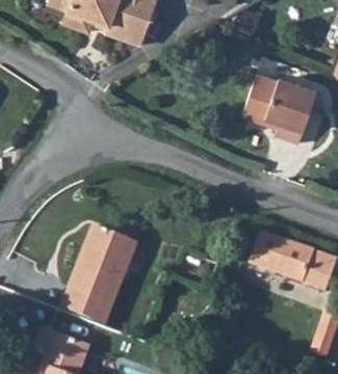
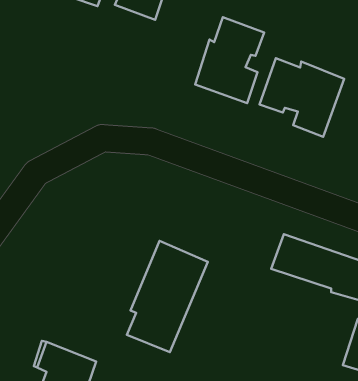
building: none -> [195,17,264,103]
building: [61,223,134,323] -> [127,241,208,352]

